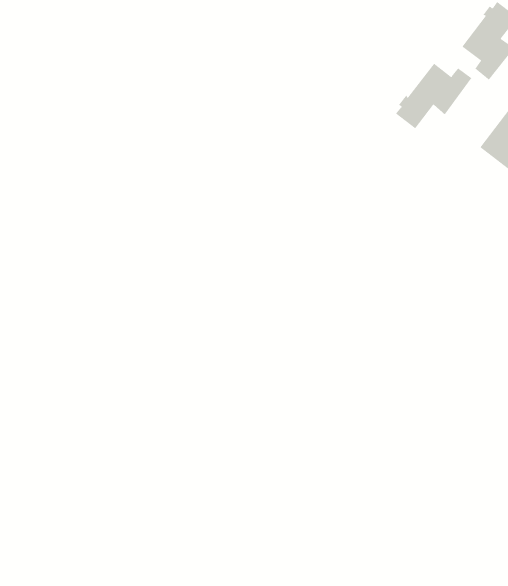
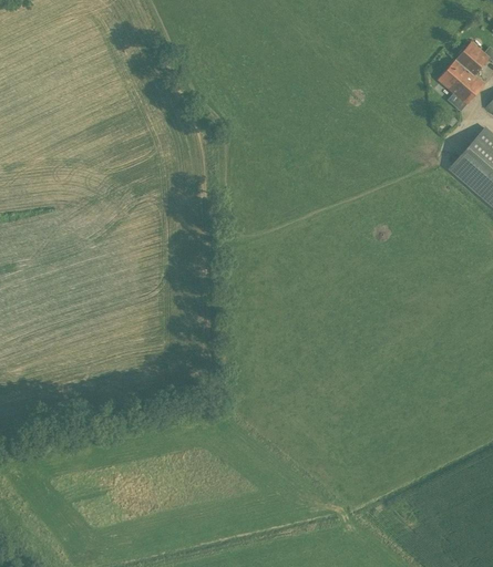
building: [395,63,472,129] -> none

